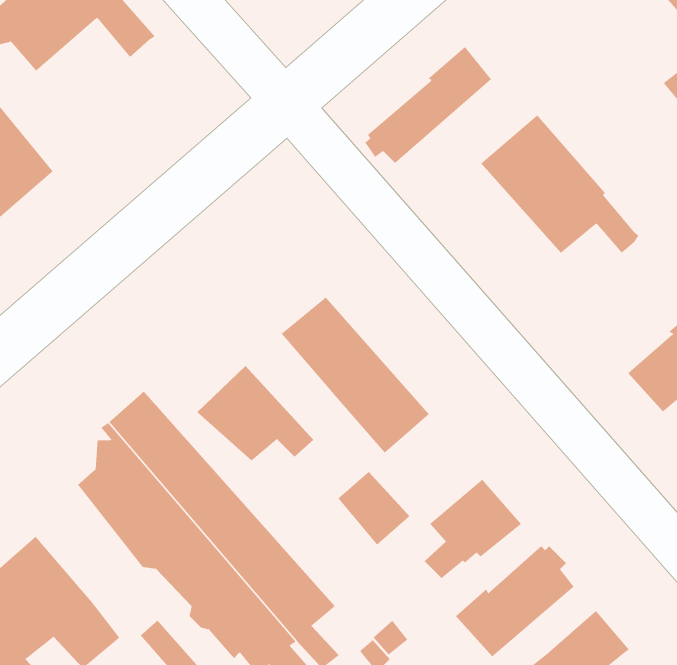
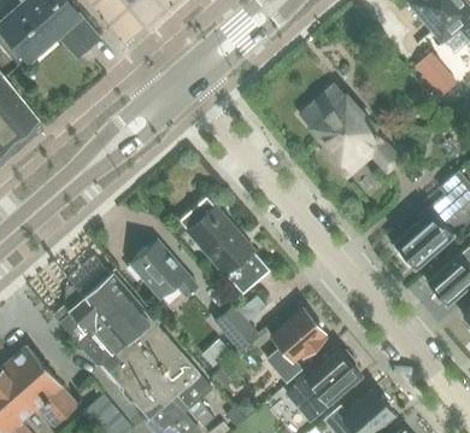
building: [364,46,492,164] -> none

